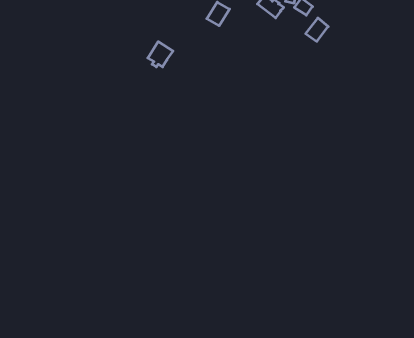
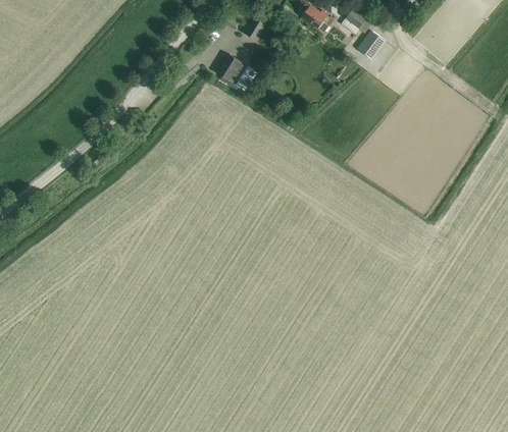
building: [148,42,173,67] -> [217,53,247,83]

